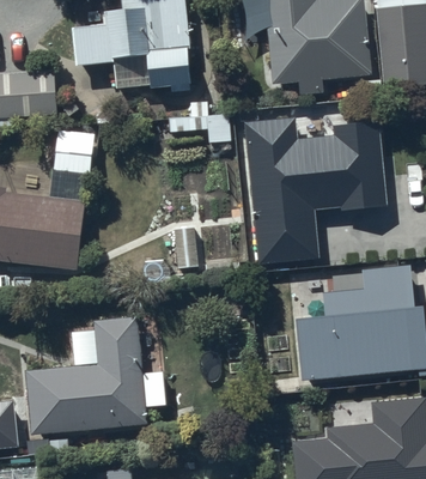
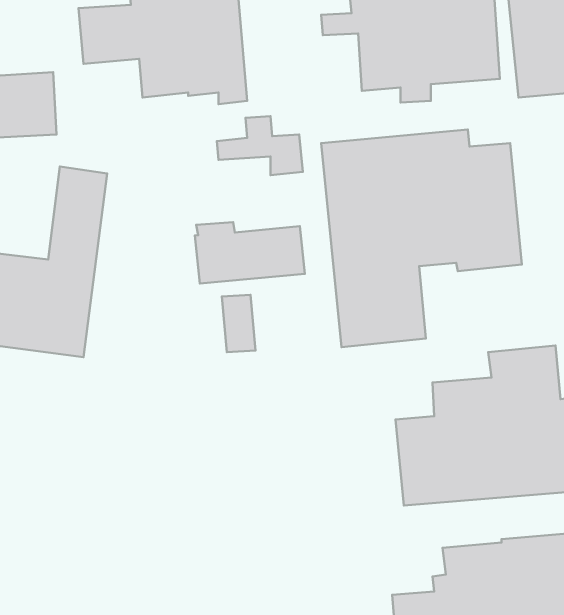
building: none -> [195,222,305,283]
building: [20,322,163,439] -> none

